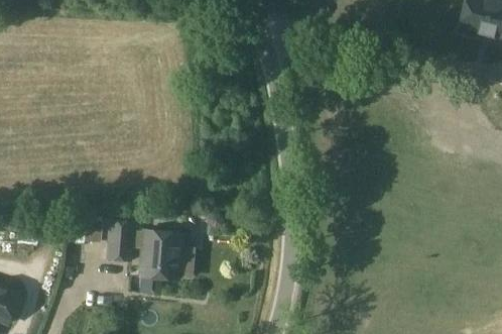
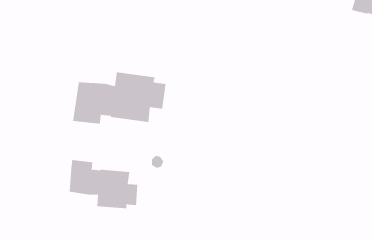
building: none -> [73,71,166,124]

